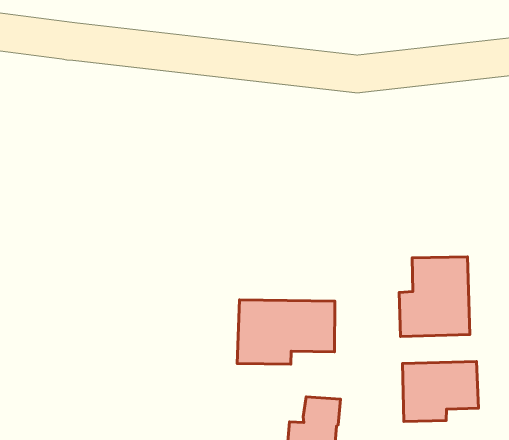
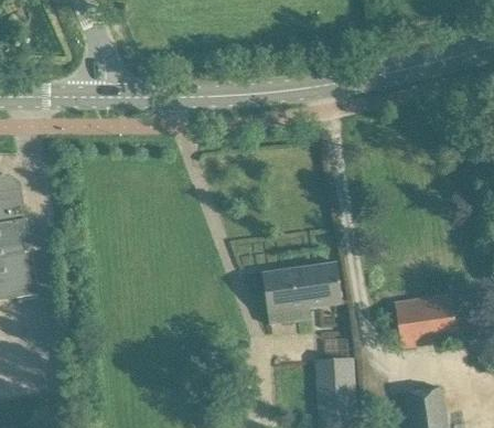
building: [399,257,470,336] -> none

